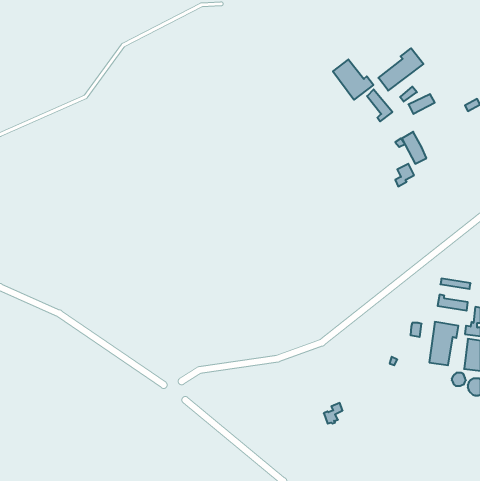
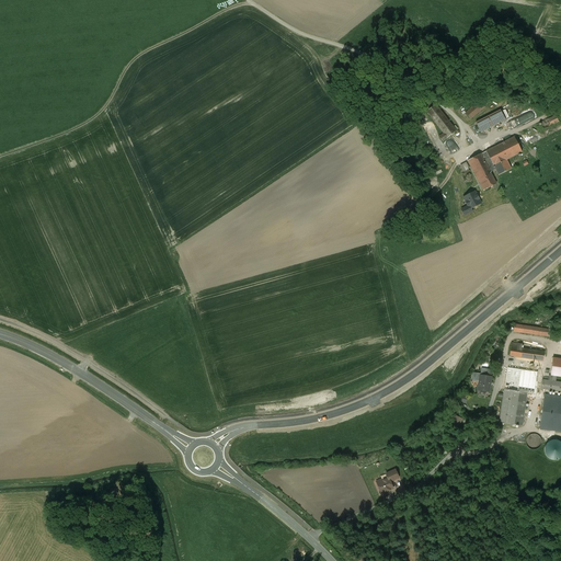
building: [378,48,423,91] -> none
building: [333,59,373,100] -> none
building: none -> [482,137,523,175]

